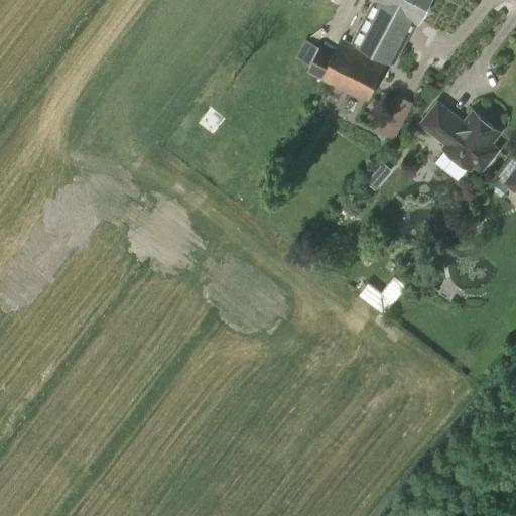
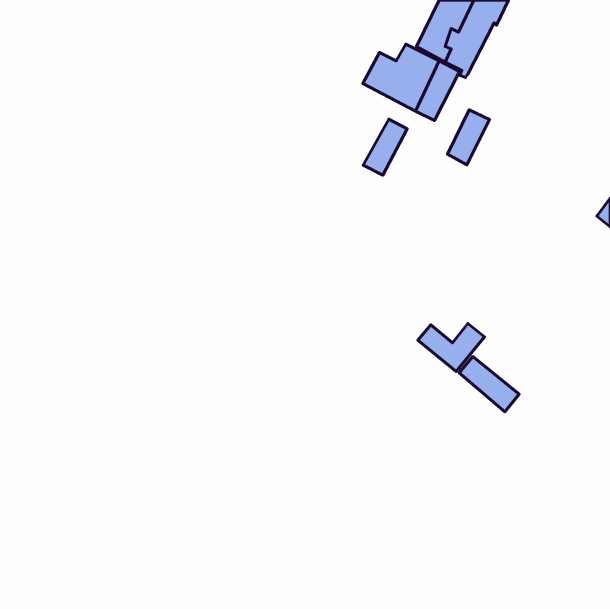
building: [419,101,500,172] -> none
building: none -> [363,119,407,175]
building: none -> [459,356,519,412]

